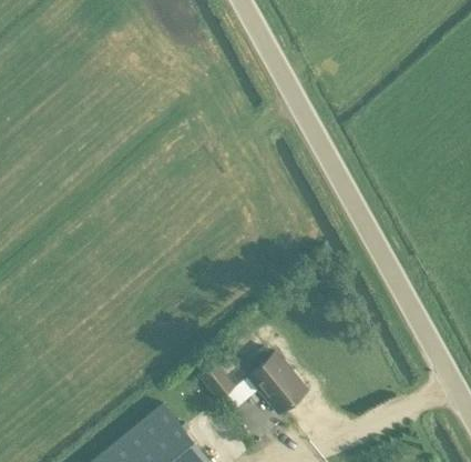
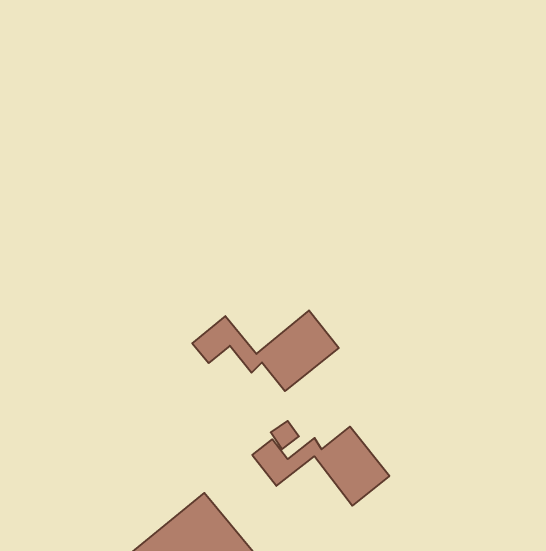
building: none -> [192,310,339,391]

